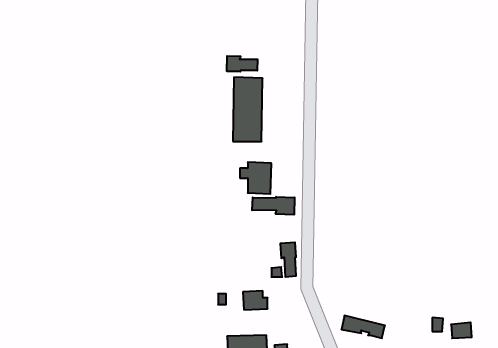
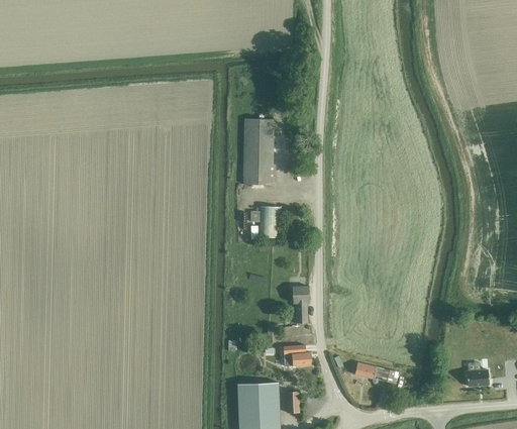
building: [227,56,258,72] -> none
building: [252,197,295,215] -> none
building: [243,291,268,310] -> [286,346,311,365]

